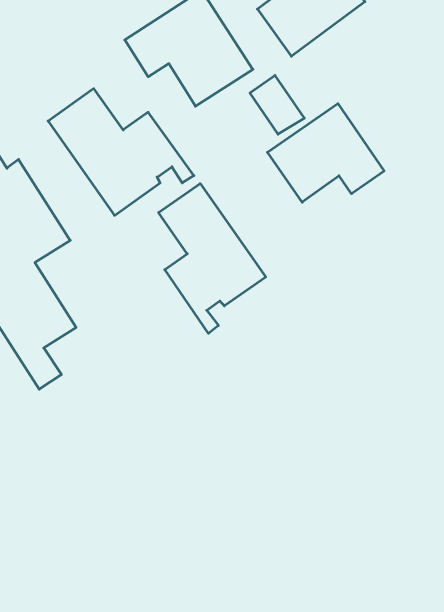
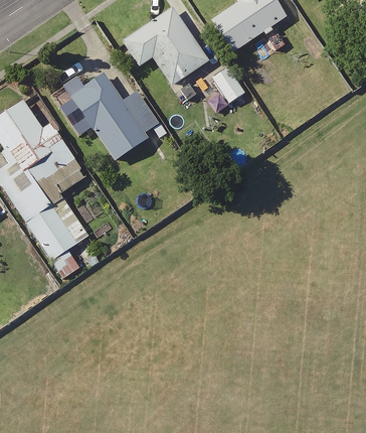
building: [267,104,384,202] -> none
building: [159,184,266,333] -> none

